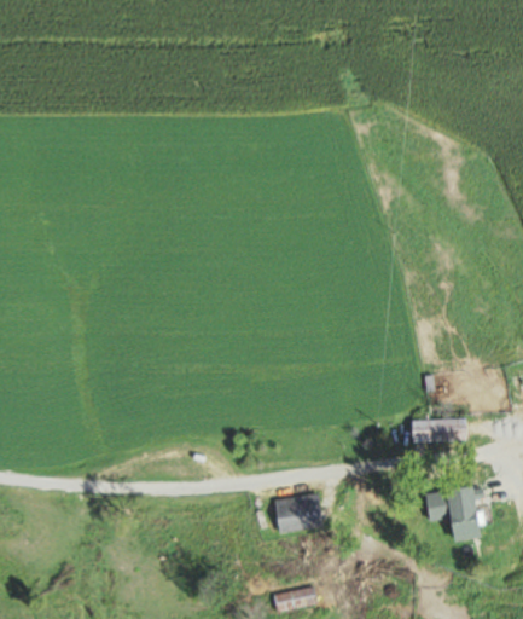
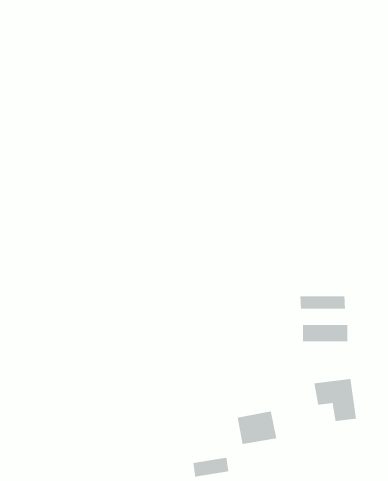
building: none -> [300,296,345,309]
building: [274,493,325,536] -> [237,411,277,444]

